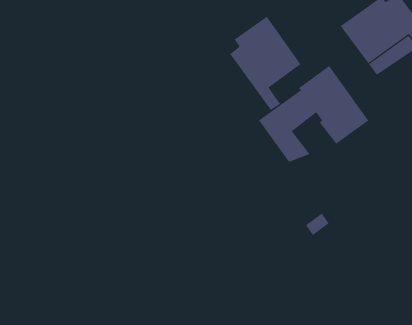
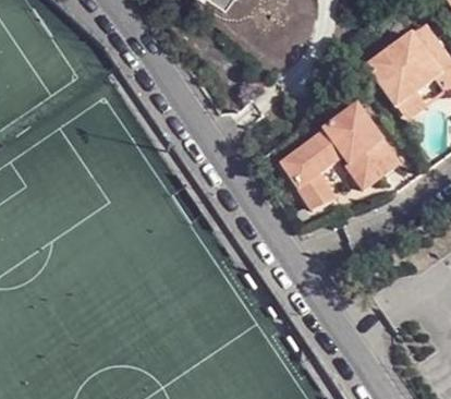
building: [230,16,301,111] -> none

